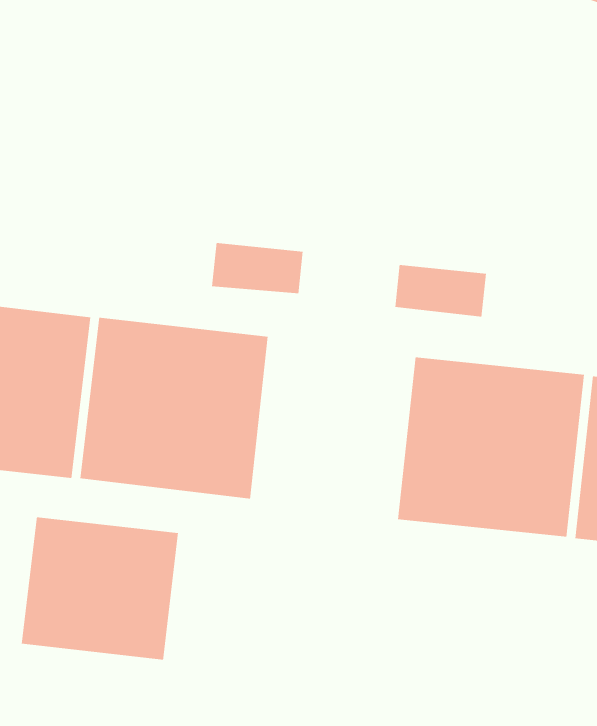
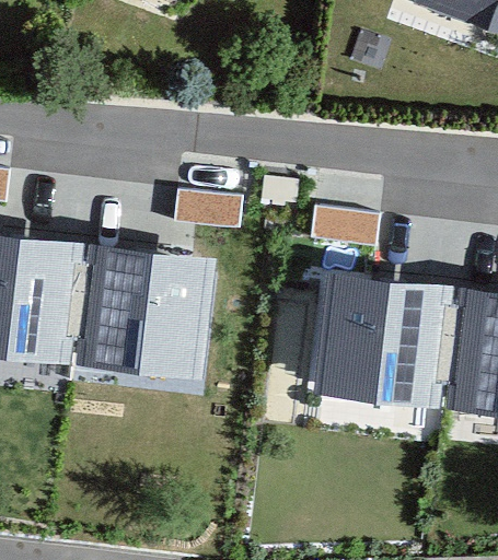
building: [21,516,179,661] -> none

